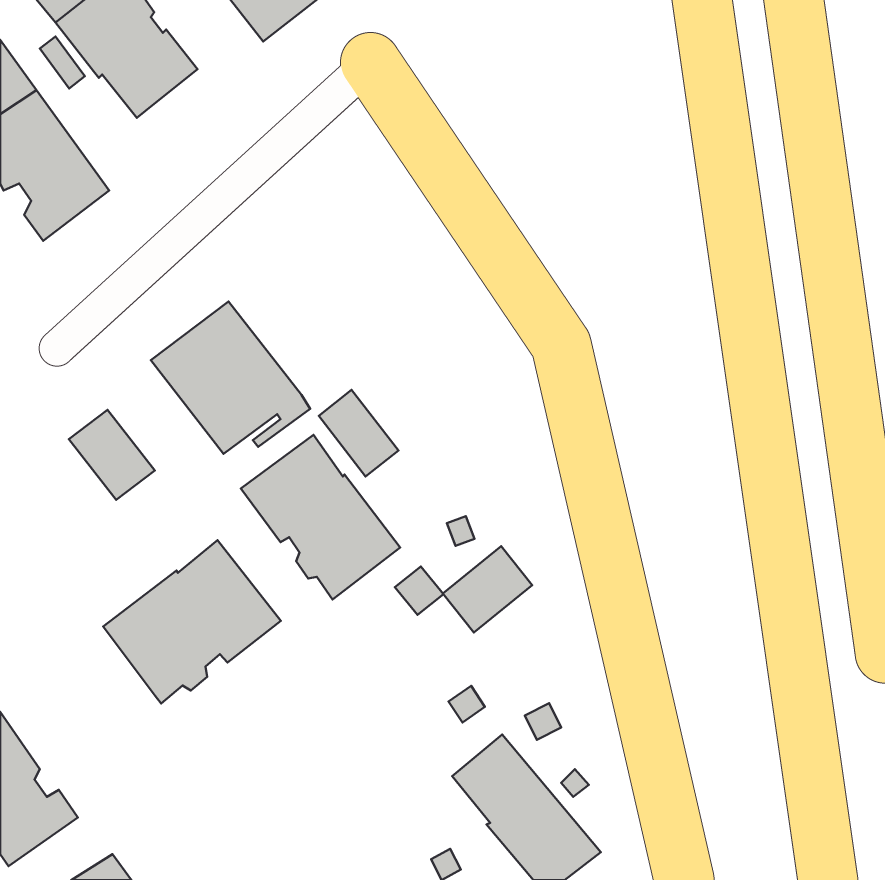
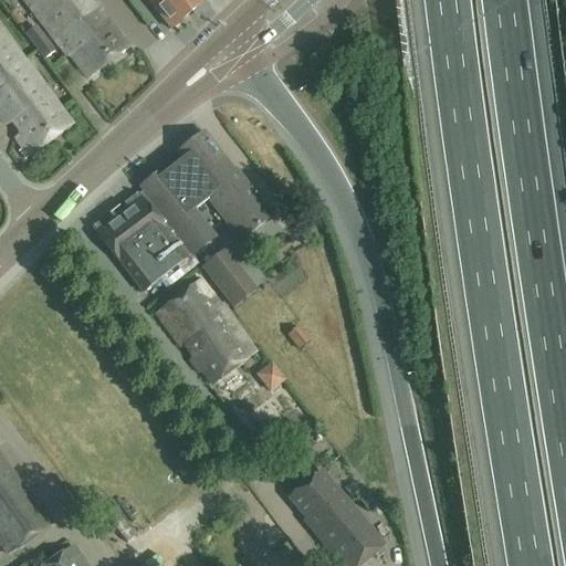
building: none -> [143,129,272,252]
building: [69,410,155,500] -> none
building: [103,540,281,704] -> none
building: [443,546,532,632] -> none

